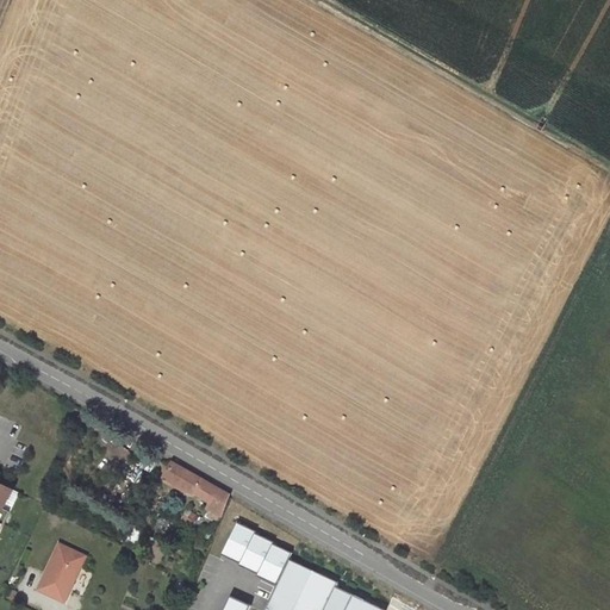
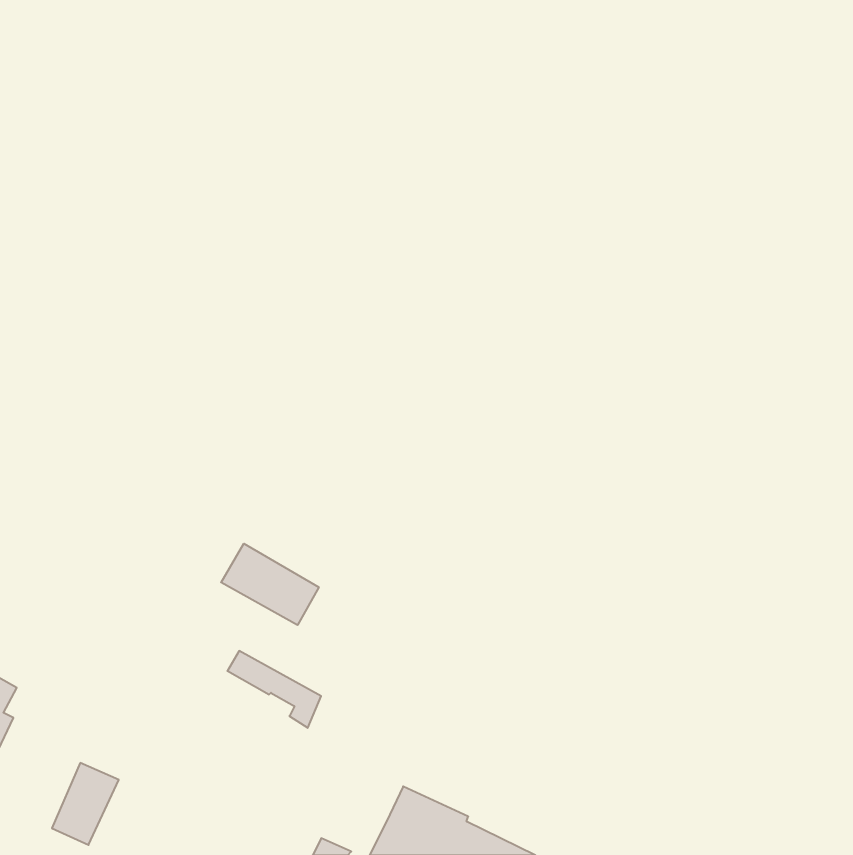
building: none -> [221,544,319,625]
building: [220,523,291,585] -> none

